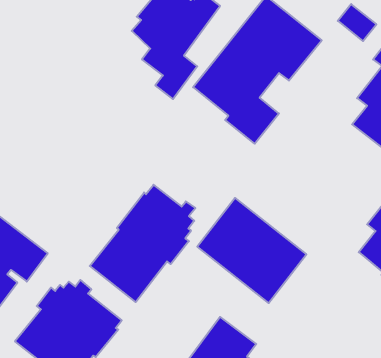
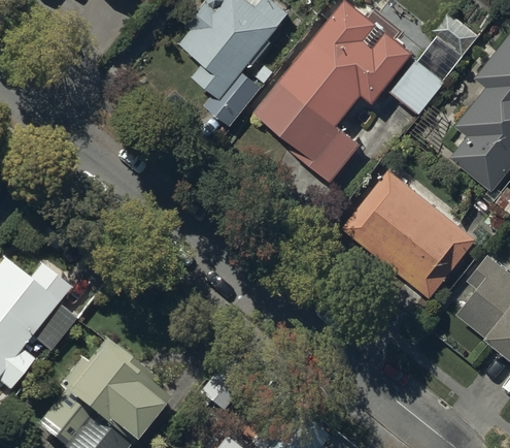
building: none -> [392,60,445,115]
building: [90,185,195,302] -> none
building: [197,198,306,303] -> [342,169,476,298]

